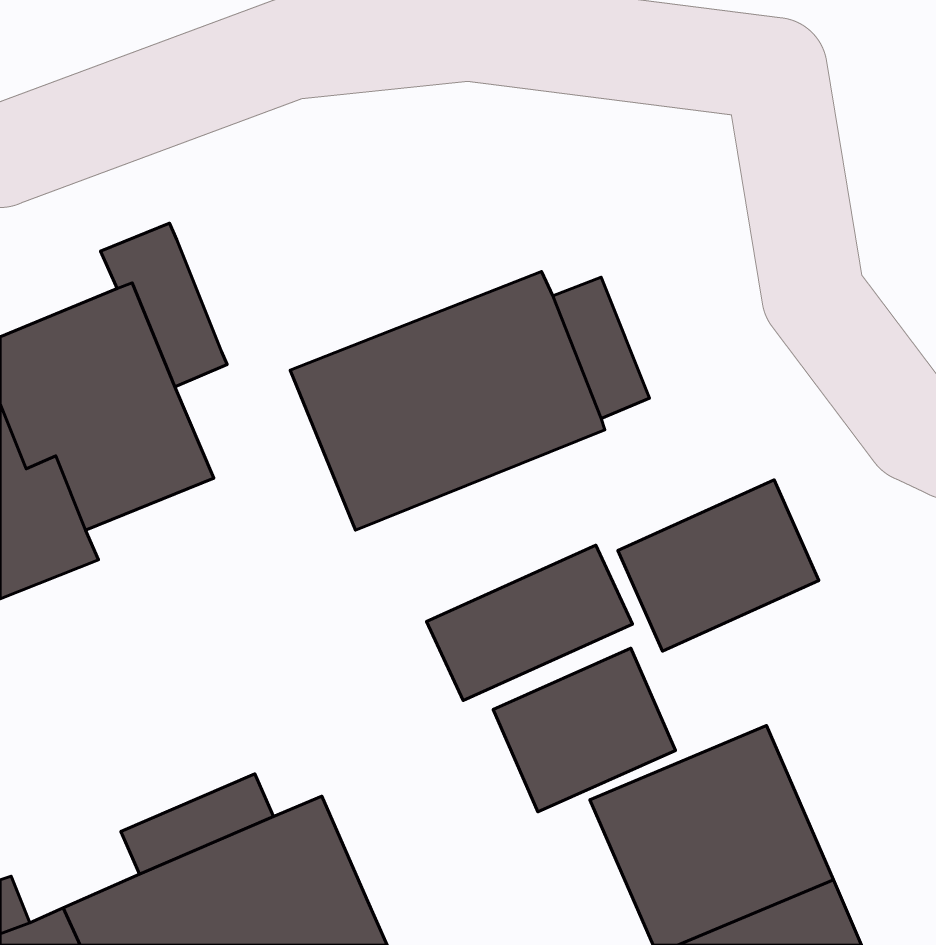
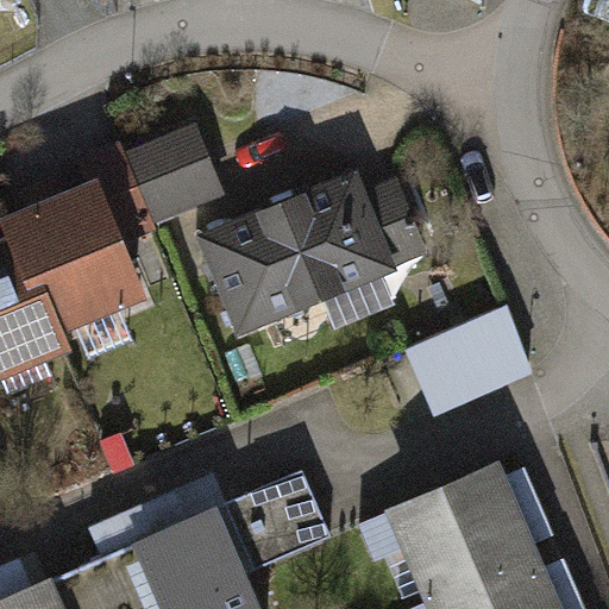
building: none -> [123,125,221,225]
building: [426,545,632,701] -> none
building: [493,648,675,812] -> [215,470,332,575]

